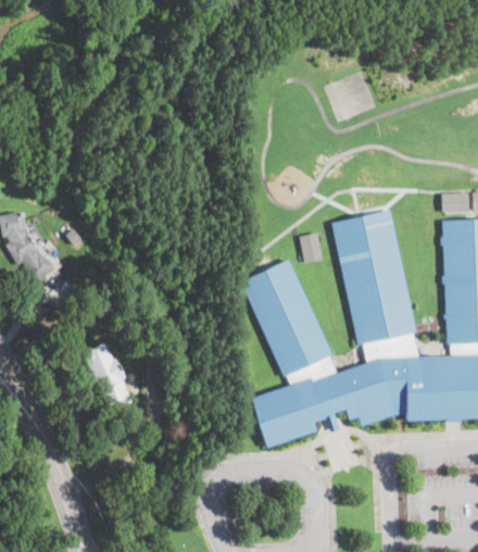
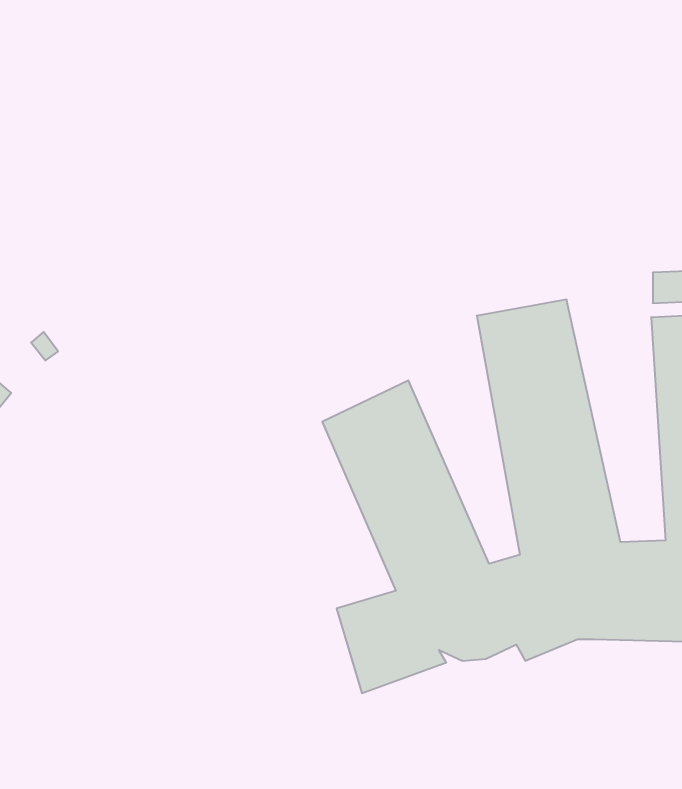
building: [300,233,323,263] -> none
building: [84,342,130,410] -> none

